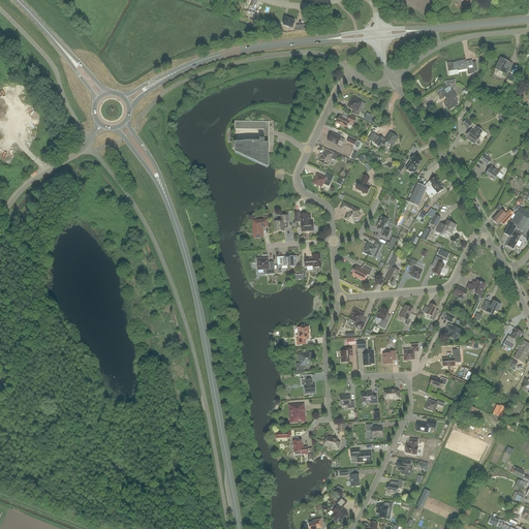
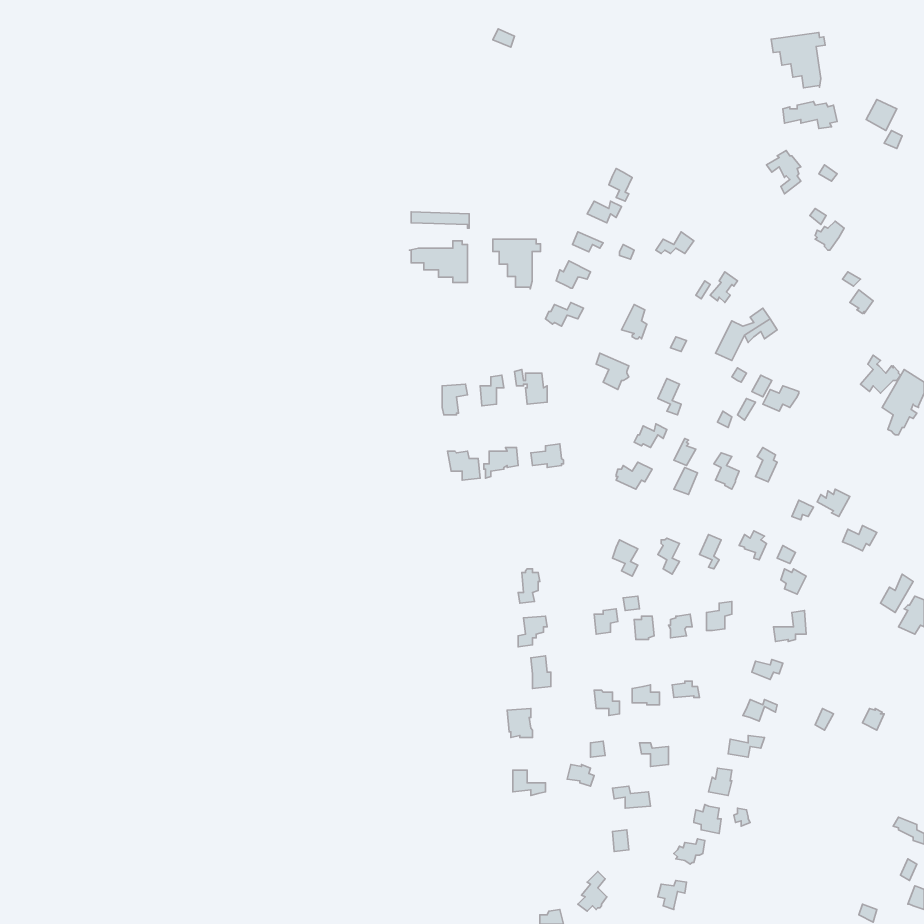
building: none -> [771,32,825,88]
building: none -> [493,239,540,289]

